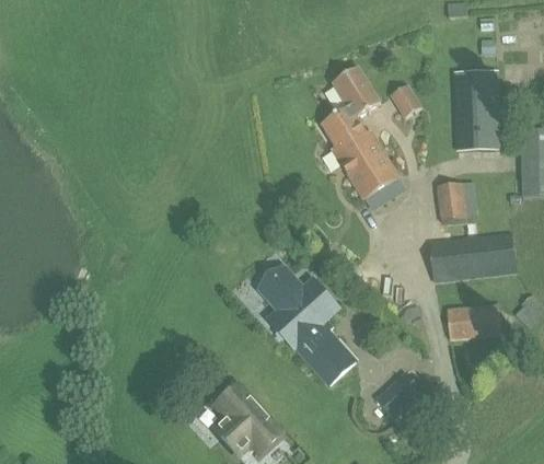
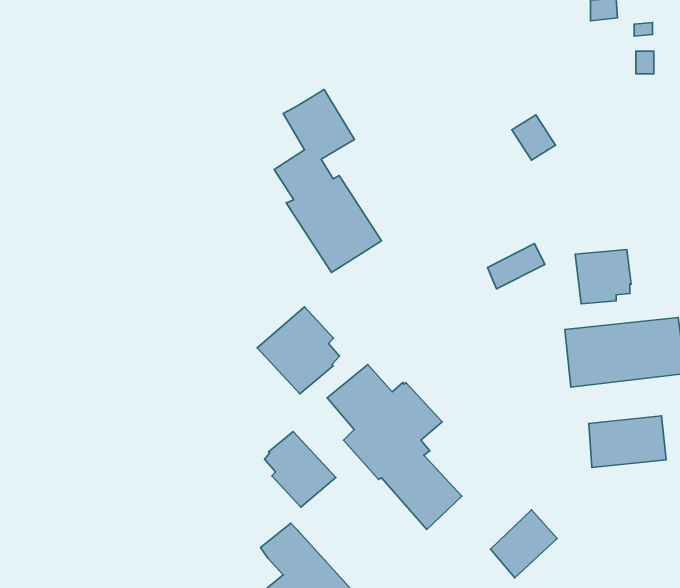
building: [321,66,398,198] -> [274,89,382,272]
building: [452,70,499,150] -> none
building: none -> [257,307,339,394]
building: none -> [264,431,336,507]

